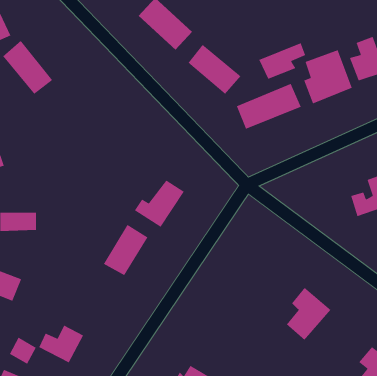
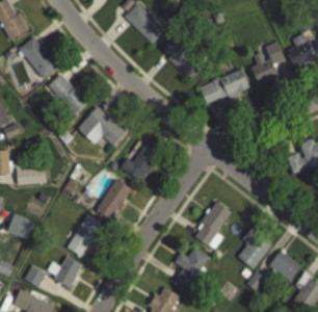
building: [258,42,306,80] -> none
building: none -> [48,72,88,114]
building: none -> [78,106,125,145]
building: none -> [193,201,231,250]
building: none -> [69,214,106,256]
building: none -> [173,246,209,290]
building: none -> [269,251,300,281]

